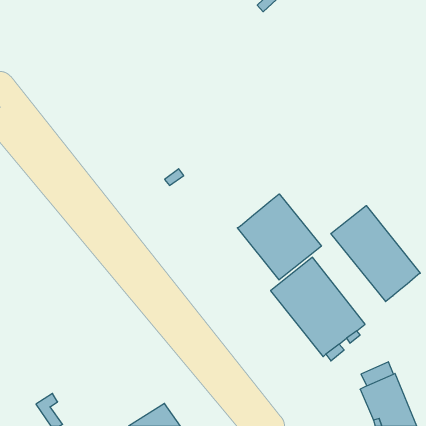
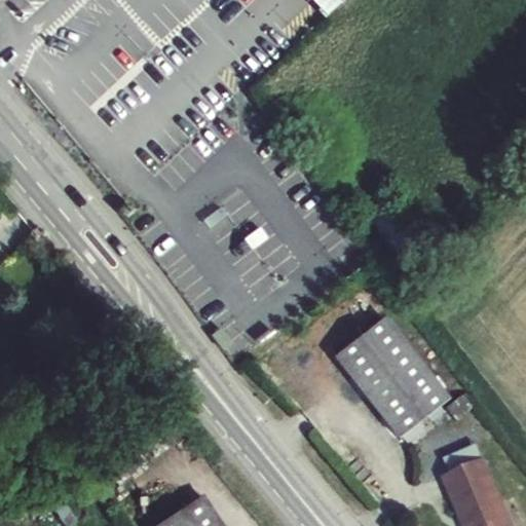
building: [237,194,321,280] -> none
building: [331,206,420,302] -> none

